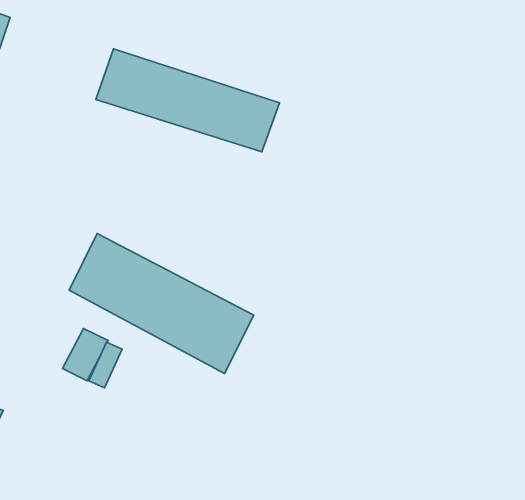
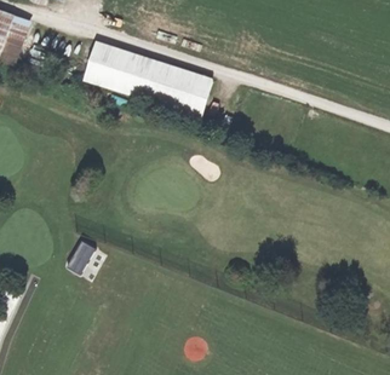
building: [69,233,254,373] -> none

